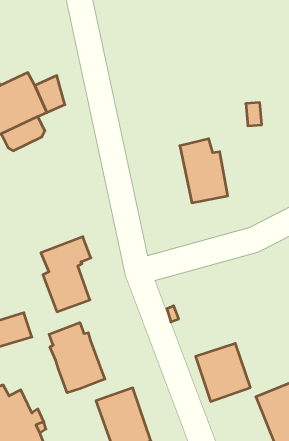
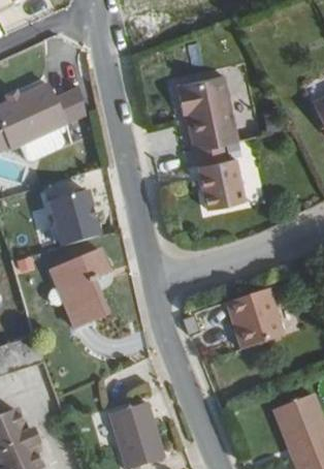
building: none -> [176,82,237,156]
building: none -> [55,189,105,245]
building: [49,323,105,393] -> none
building: [196,343,250,401] -> [228,294,285,354]

